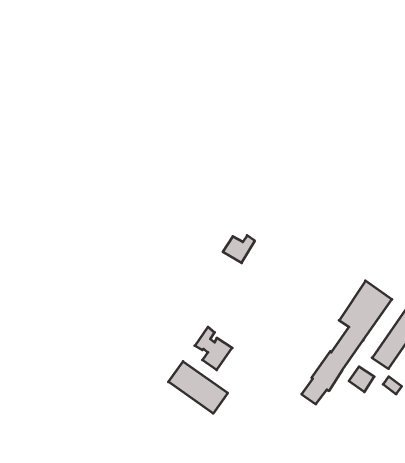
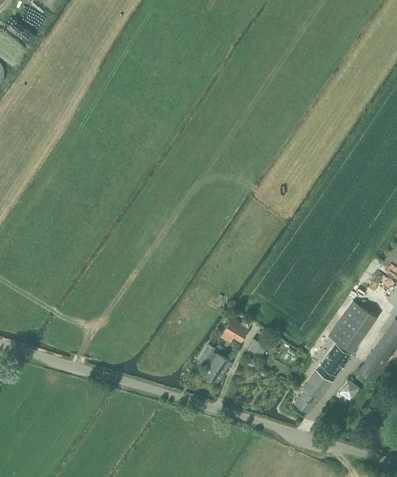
building: [223,235,255,263] -> [222,318,251,343]
building: [168,361,228,413] -> none

